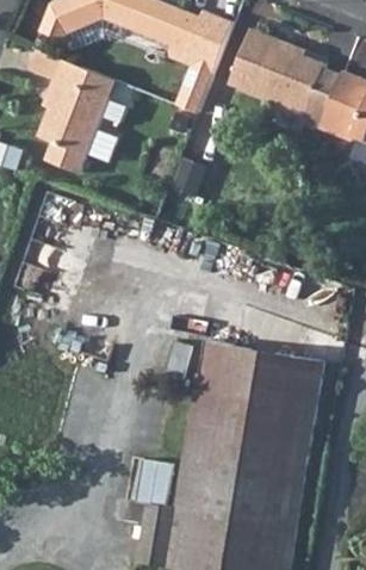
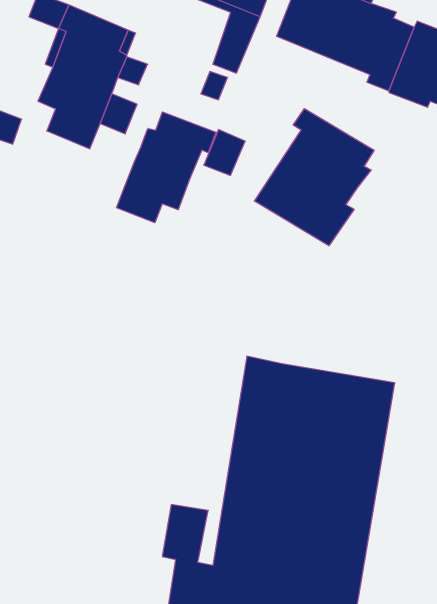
building: none -> [255,109,374,246]
building: none -> [116,112,216,223]

